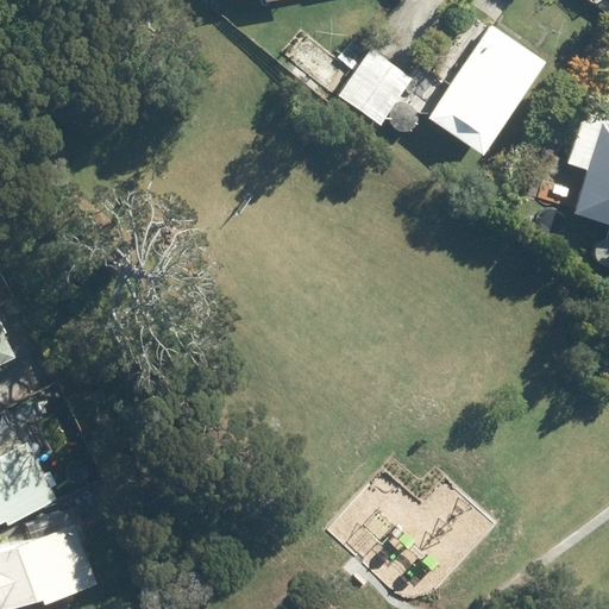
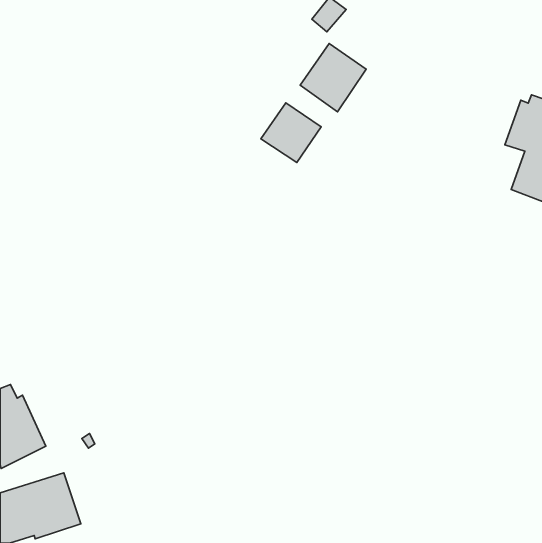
building: [427,24,545,155] -> none
building: none -> [261,103,321,163]

